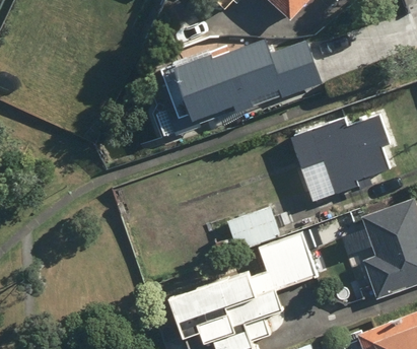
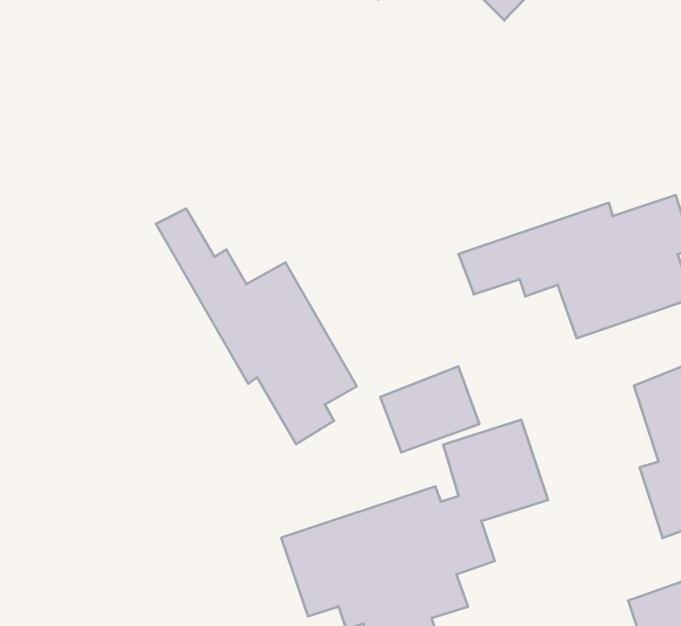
building: [179,38,321,121] -> none
building: none -> [156,209,357,444]

